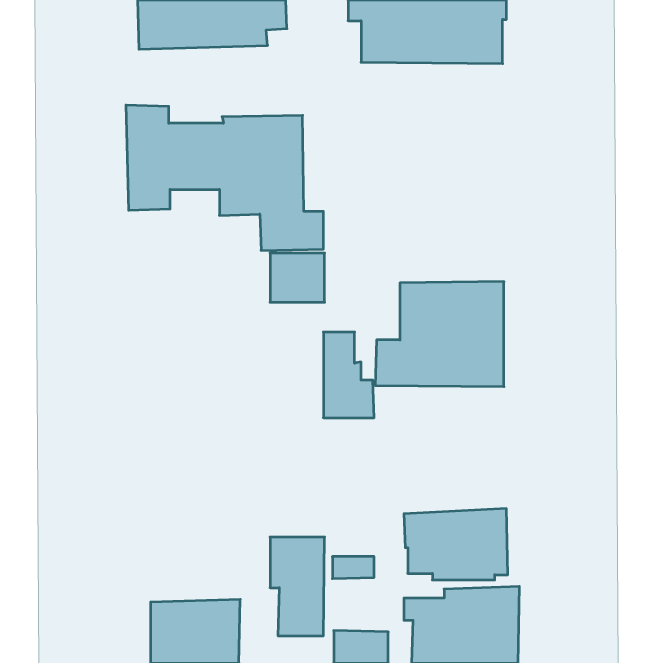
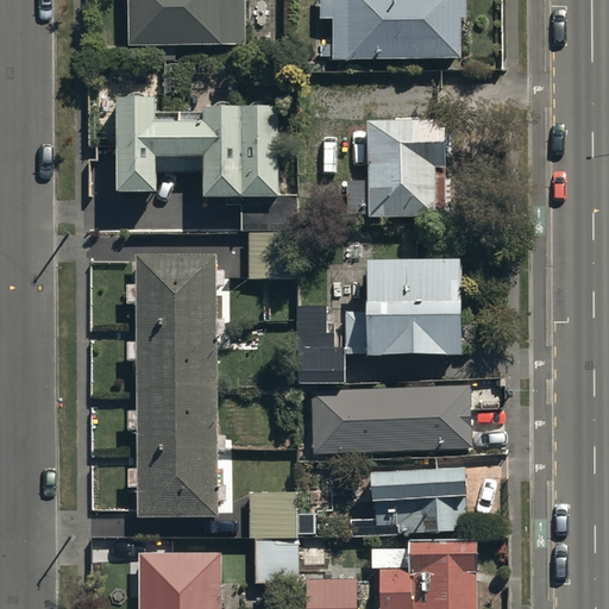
building: none -> [345,118,445,215]
building: none -> [125,256,215,515]
building: none -> [310,385,471,454]

